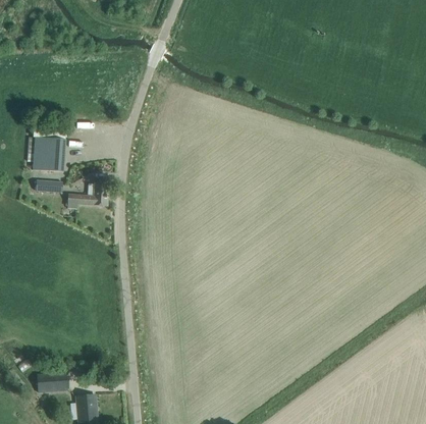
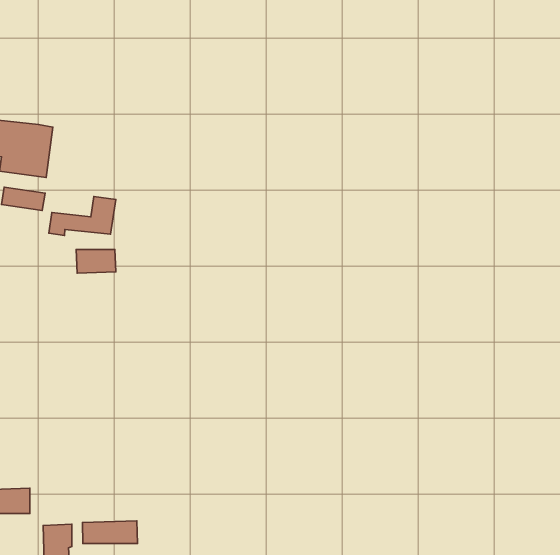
building: none -> [76,249,116,273]
building: none -> [82,521,137,544]

